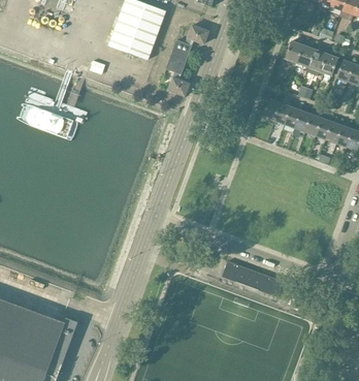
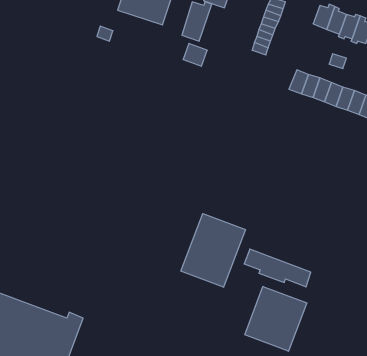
building: none -> [181,214,245,287]
building: none -> [245,286,307,351]

